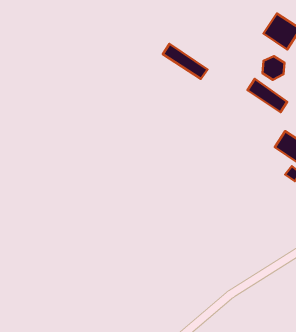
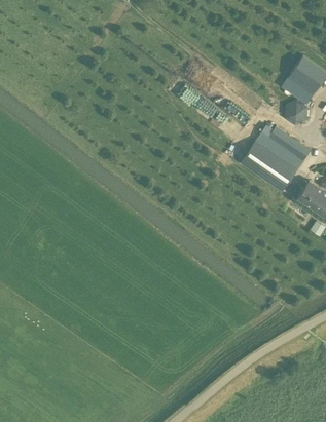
building: none -> [241,140,298,192]

